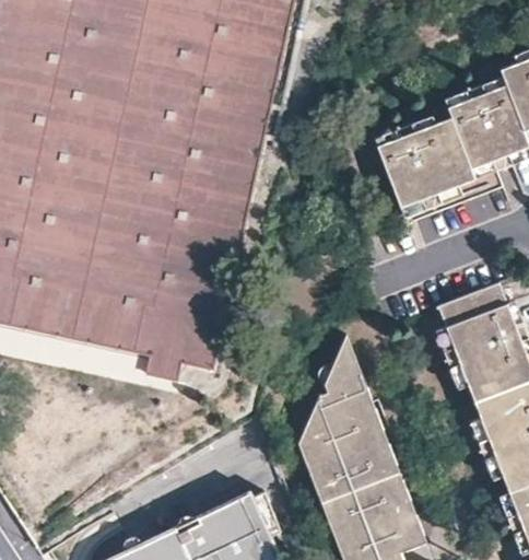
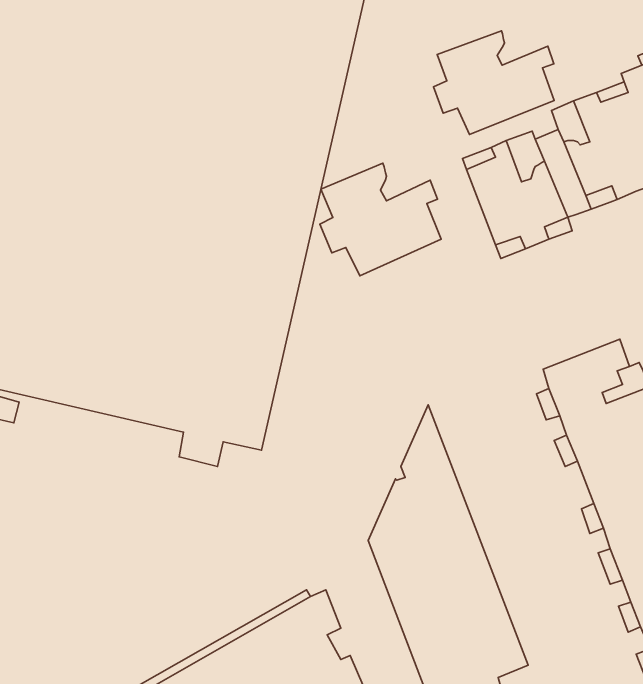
building: none -> [433,31,554,135]
building: none -> [320,163,441,276]

